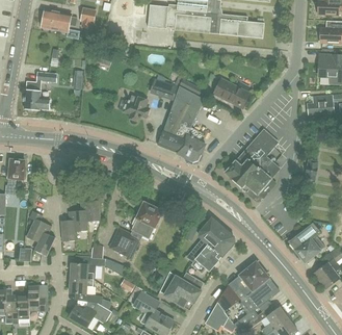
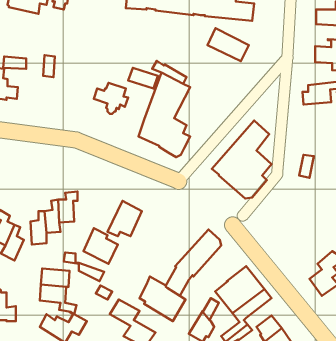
building: [212,77,249,107] -> [207,28,249,61]
building: [185,216,221,260] -> none
building: [288,223,323,261] -> none

